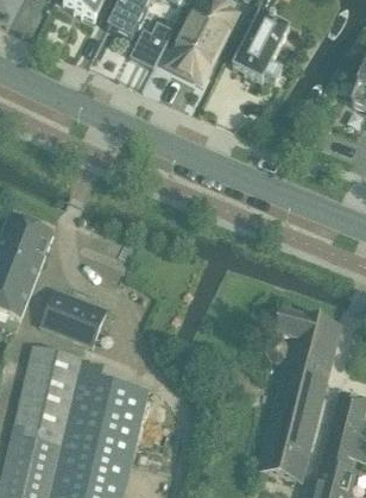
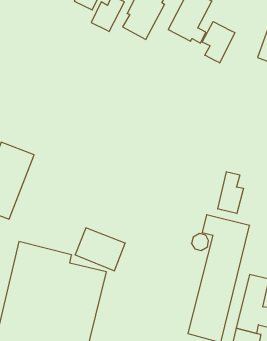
building: none -> [202,22,235,63]
building: none -> [218,172,243,214]
building: [40,289,107,346] -> [75,228,125,271]

